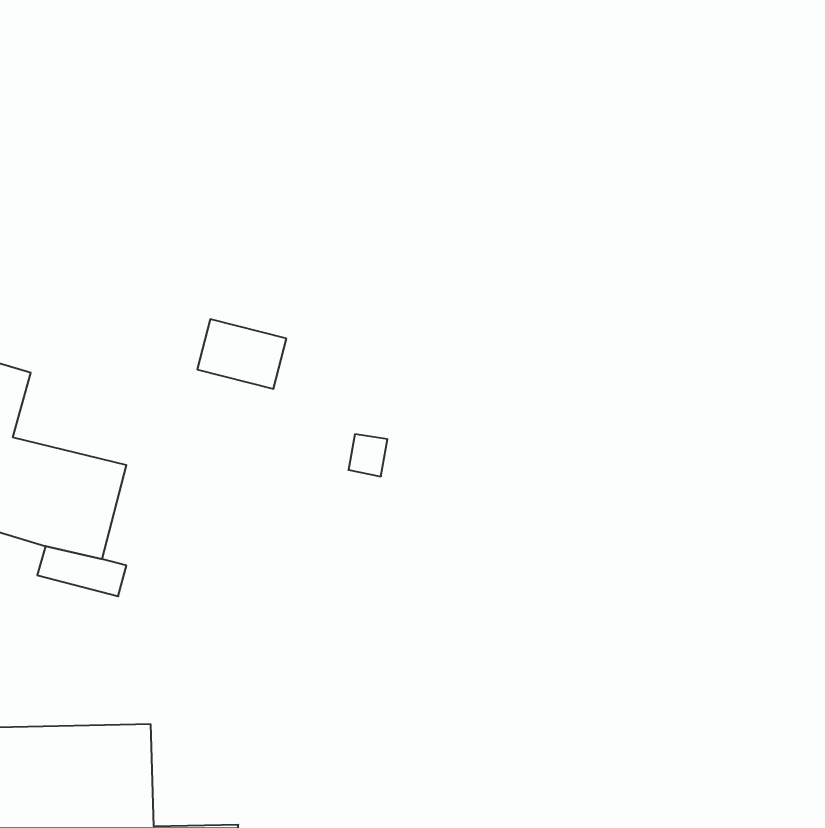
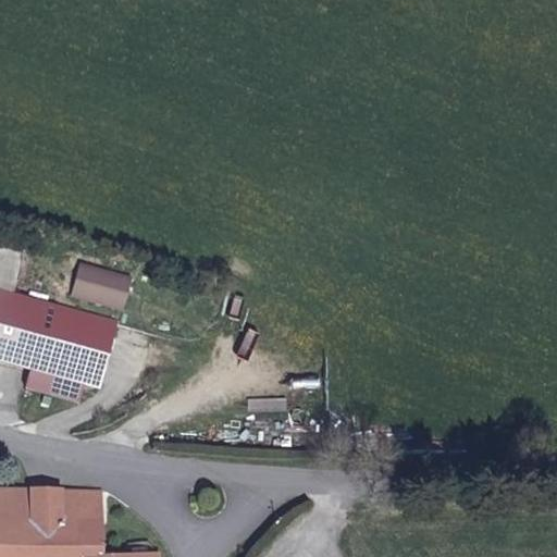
building: [197,319,286,389] -> [70,263,129,310]
building: none -> [69,312,116,384]

